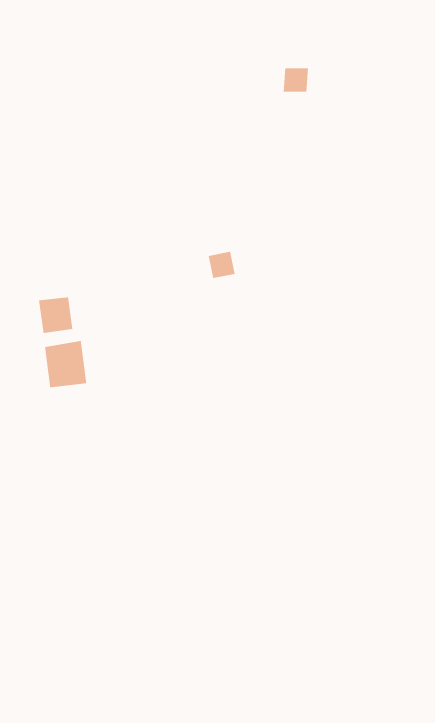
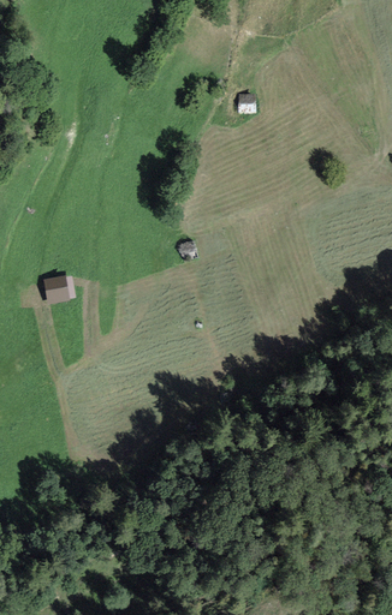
building: [44,340,87,388] -> none

